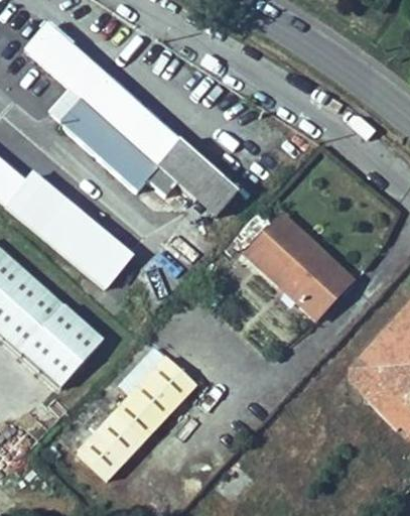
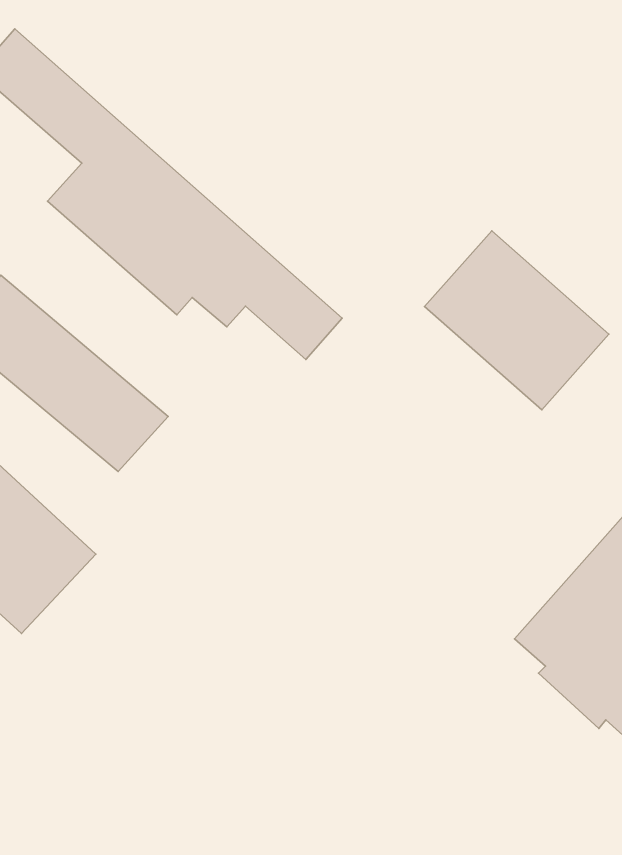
building: [251,205,359,309] -> [425,231,609,410]
building: [85,352,202,476] -> none

